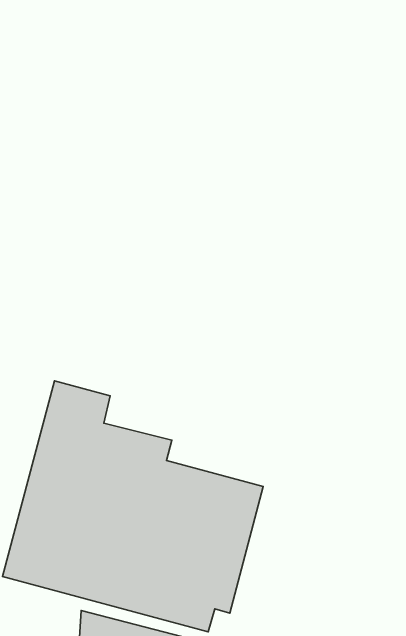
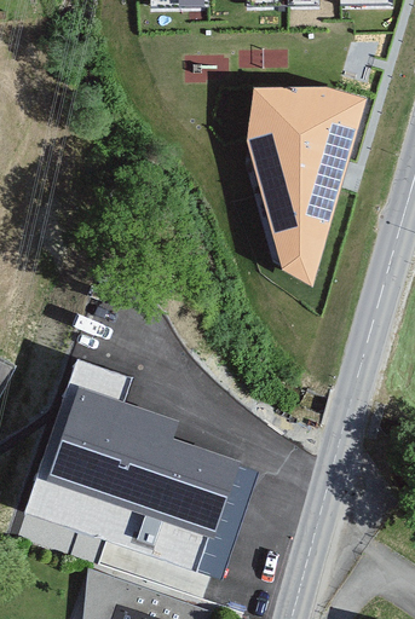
building: none -> [249,92,357,279]

